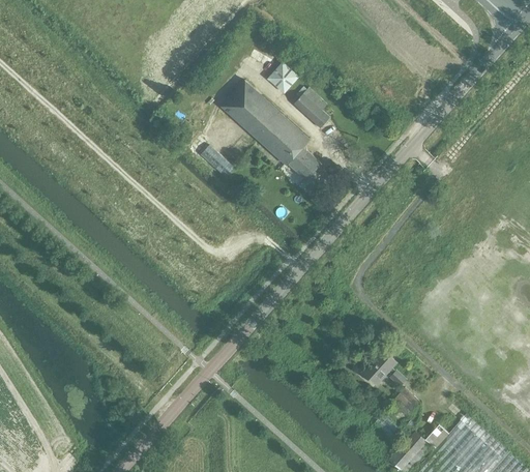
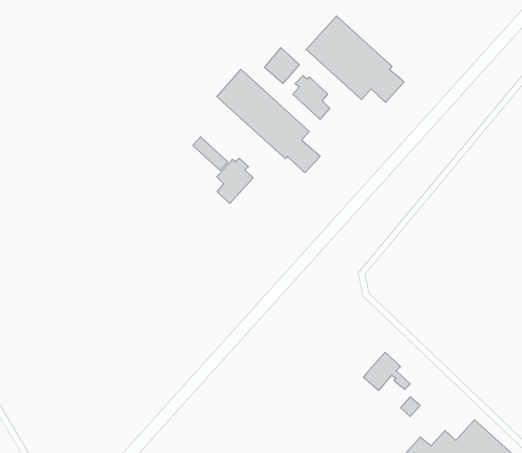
building: none -> [306,16,404,103]
building: none -> [217,158,253,203]

